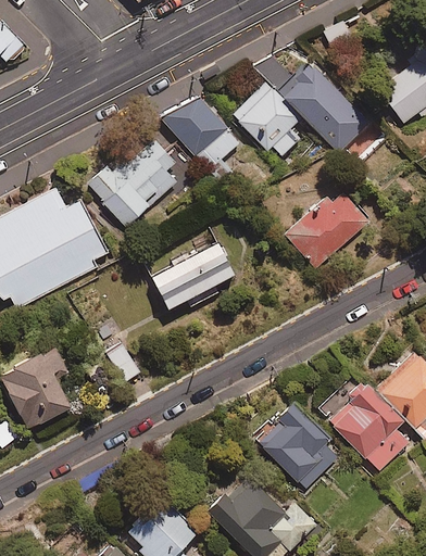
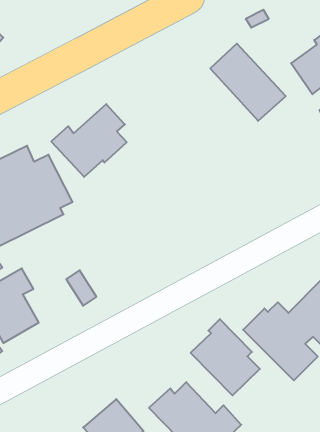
building: [231,81,302,157] -> none
building: [165,93,240,166] -> none
building: [284,187,369,266] -> none
building: [148,236,234,309] -> none

